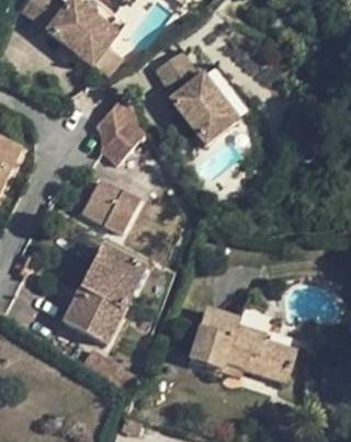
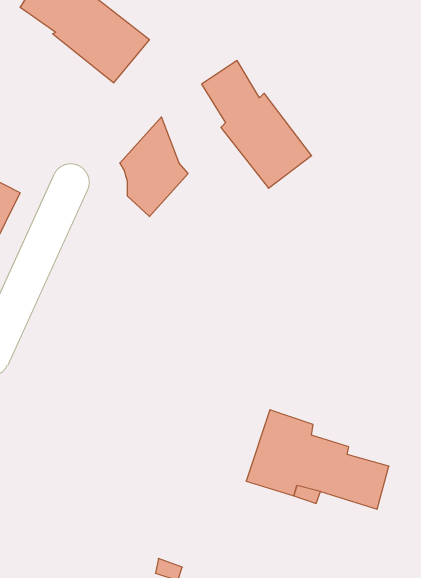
building: [82,179,139,233] -> none
building: [65,247,145,342] -> none

